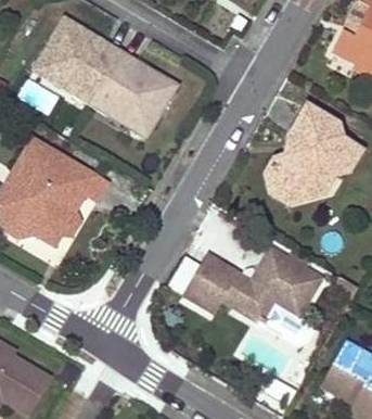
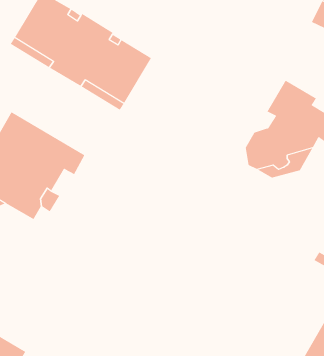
building: [184,247,321,334] -> none

